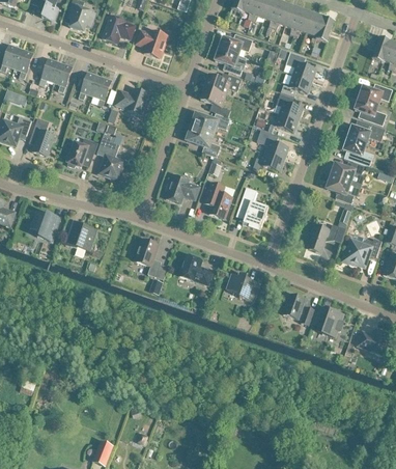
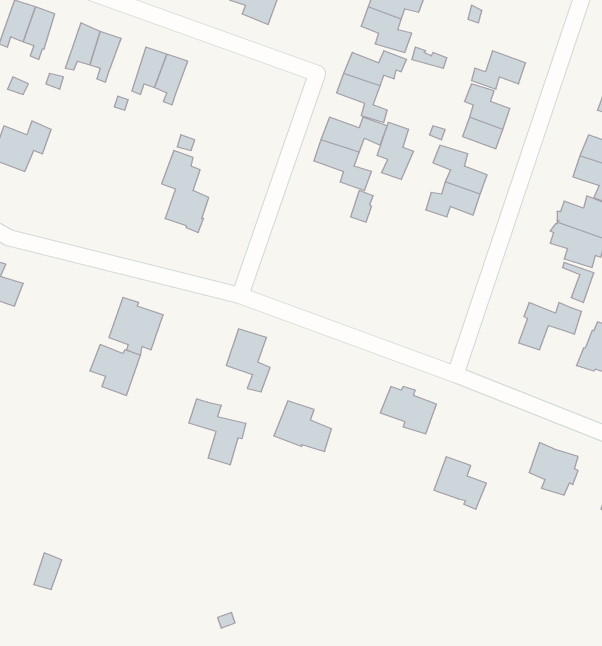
building: [286,52,317,81] -> none
building: [115,88,148,114] -> none
building: none -> [377,122,413,180]
building: [32,117,54,156] -> none
building: [67,139,96,167] -> none
building: [166,174,200,203] -> none
building: [204,182,232,219] -> none
building: [236,187,268,231] -> none
building: [30,211,60,241] -> [90,345,141,395]
building: [178,254,213,284] -> [274,401,332,452]
building: none -> [189,399,246,465]
building: [283,294,314,325] -> [434,457,486,509]

